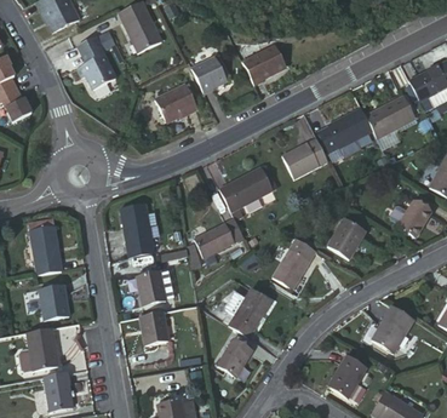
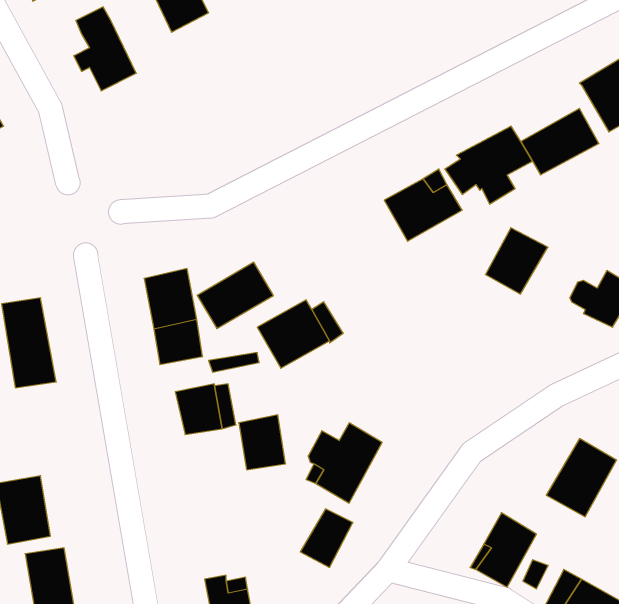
building: [245,39,291,79] -> none
building: [190,57,225,93] -> none
building: [153,84,195,121] -> none
building: [212,166,259,207] -> [197,262,273,329]
building: [321,222,360,263] -> [485,228,548,294]
building: [265,244,308,293] -> none
building: [41,284,71,320] -> none
building: [142,311,171,345] -> [239,415,286,470]

